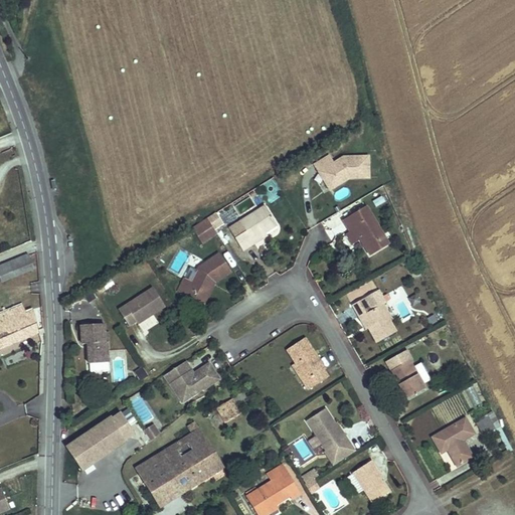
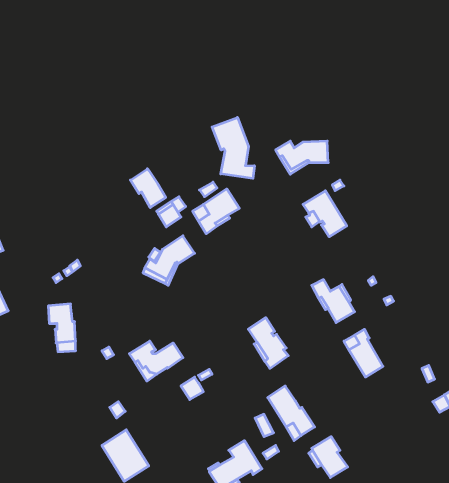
building: none -> [212,117,254,178]
building: none -> [130,169,166,208]
building: [119,287,165,325] -> none
building: [66,412,133,470] -> none
building: [433,418,474,465] -> none
building: [161,420,222,490] -> none

